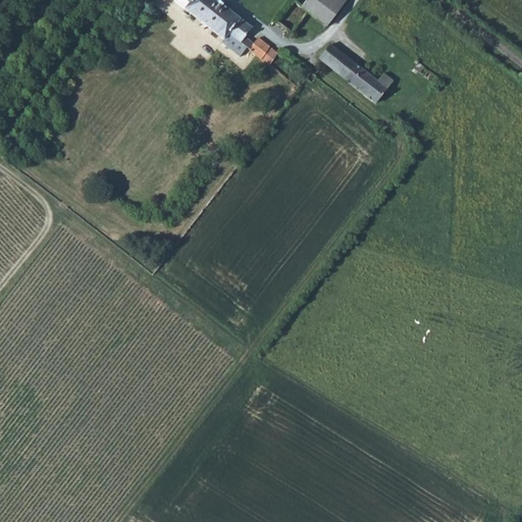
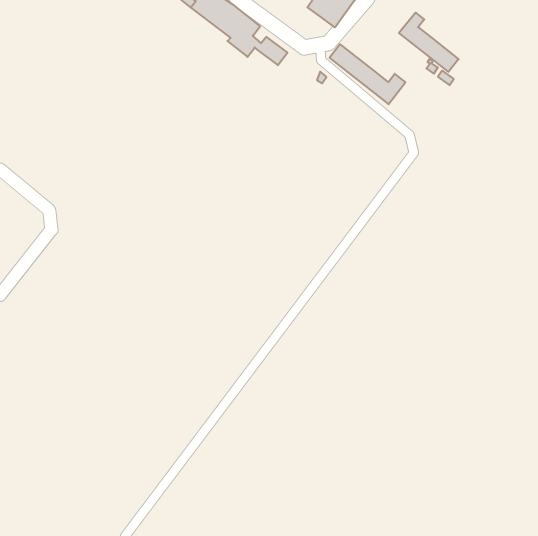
building: none -> [399,13,459,72]

